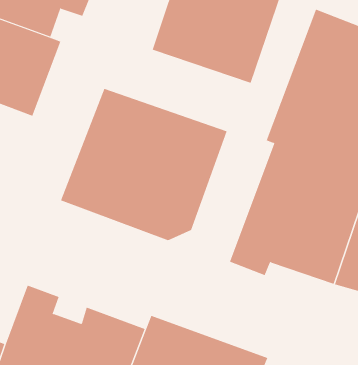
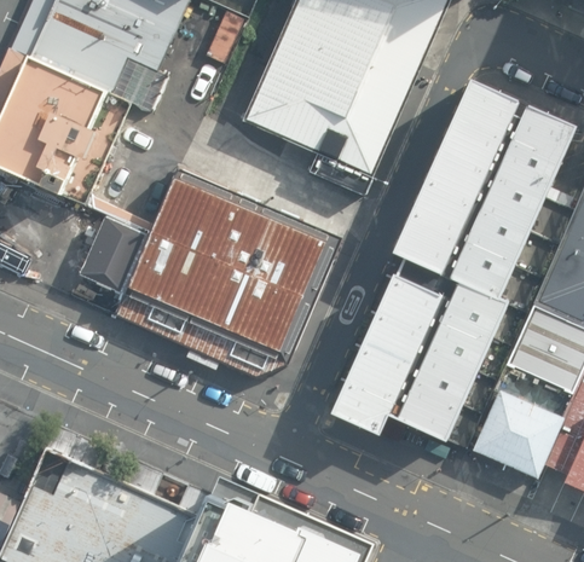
building: none -> [77,215,145,291]

